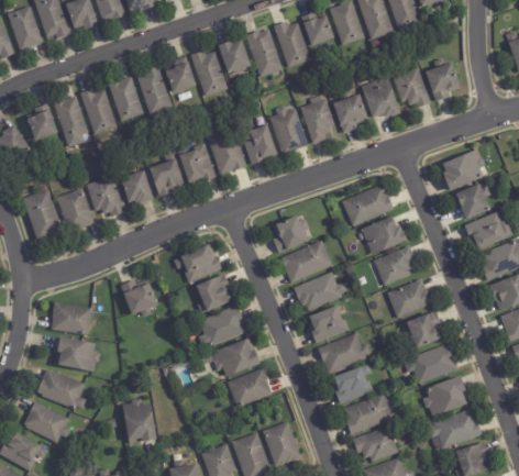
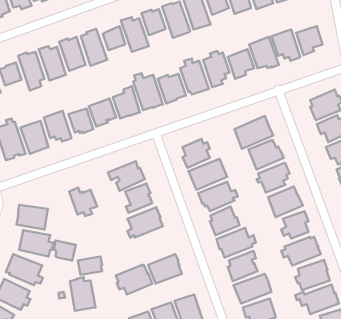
building: [212,336,261,376] -> [116,265,152,294]
building: none -> [54,240,76,260]
building: none -> [78,256,102,275]

